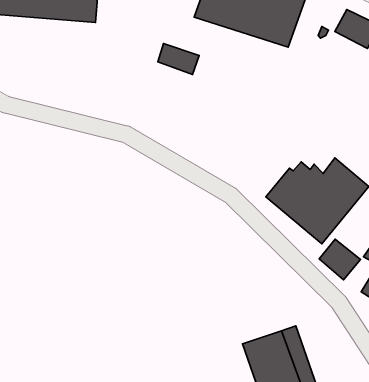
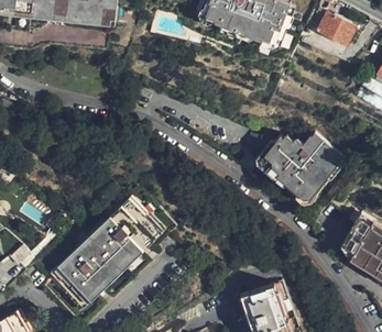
building: [158,44,199,74] -> none
building: none -> [54,201,157,305]
building: [319,239,361,280] -> none

